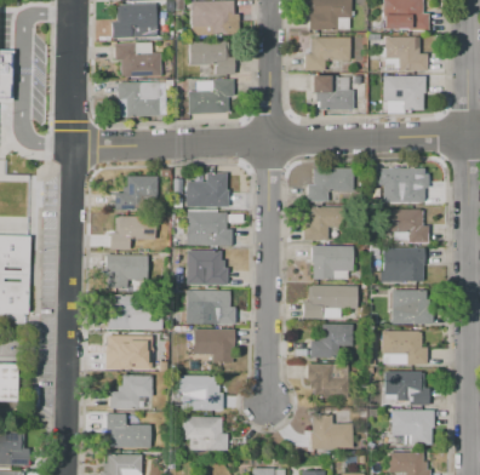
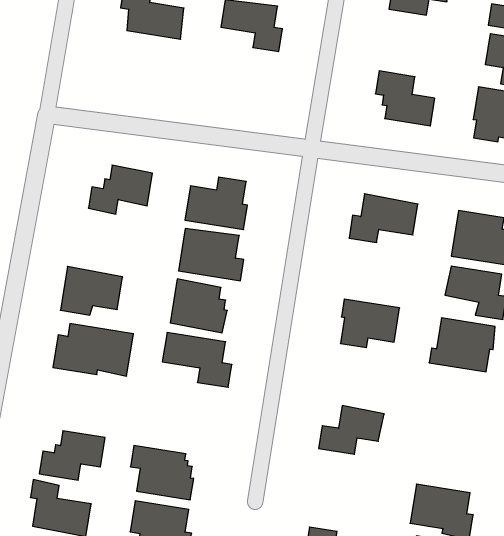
building: [305,38,350,70] -> none
building: [189,80,234,114] -> none
building: [118,82,167,115] -> none
building: [304,207,342,240] -> none
building: [110,217,155,250] -> none
building: [303,286,358,320] -> none
building: [393,291,434,324] -> none
building: [194,330,234,362] -> none
building: [383,332,428,365] -> none
building: [103,336,149,368] -> none
building: [308,365,350,394] -> none

